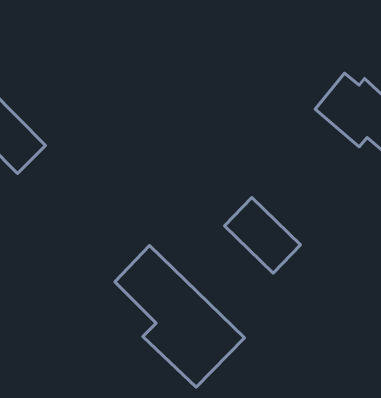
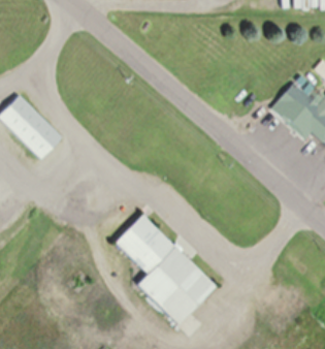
building: [225,198,300,273] -> none

